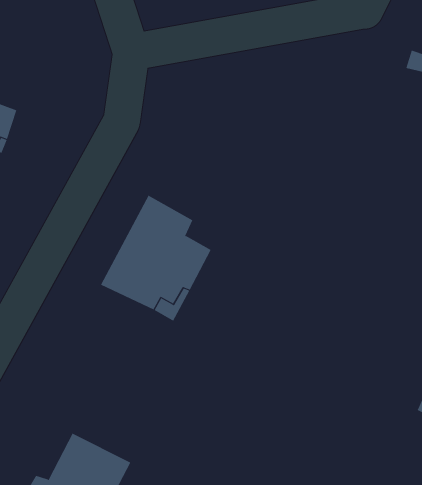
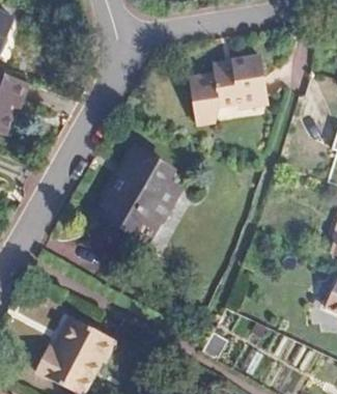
building: none -> [192,57,266,123]

